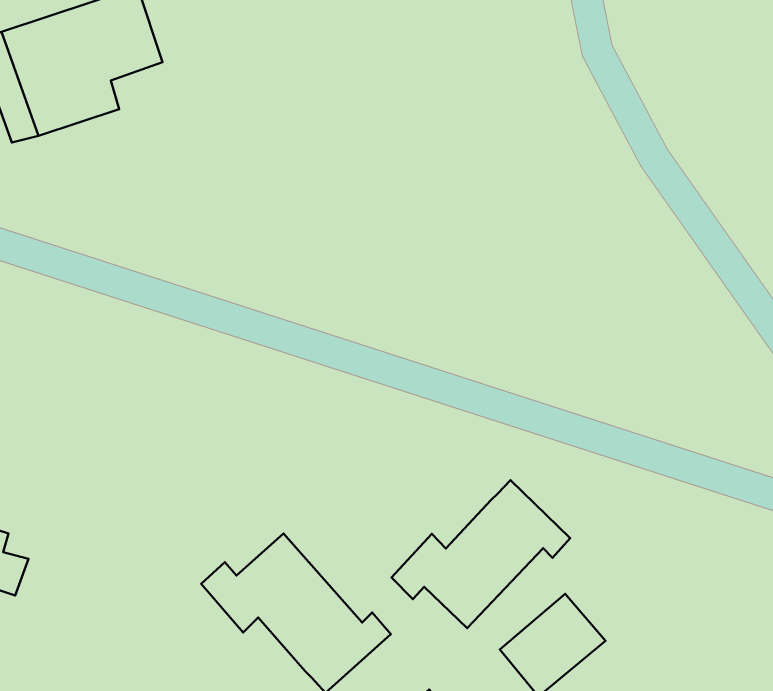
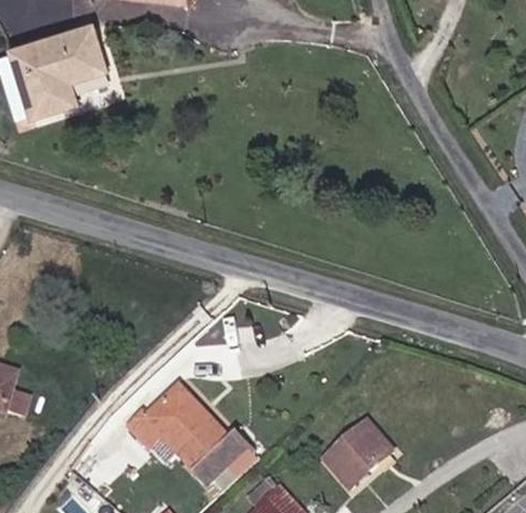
building: [391,480,570,628] -> none

